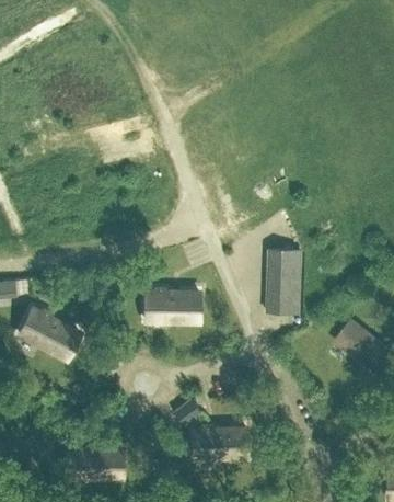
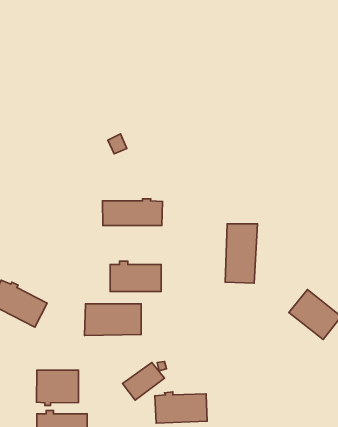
building: none -> [103,199,163,225]
building: none -> [84,304,141,336]
building: none -> [36,370,79,406]

